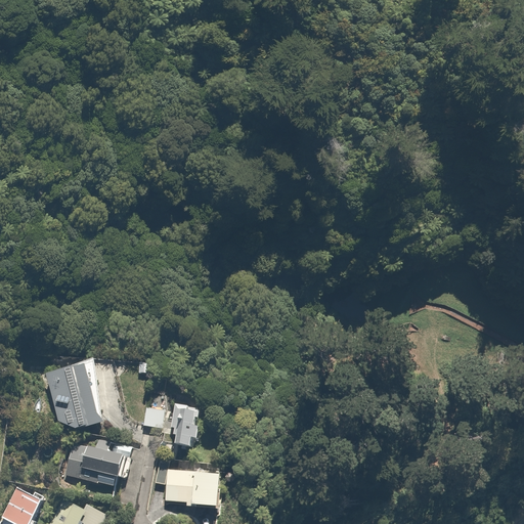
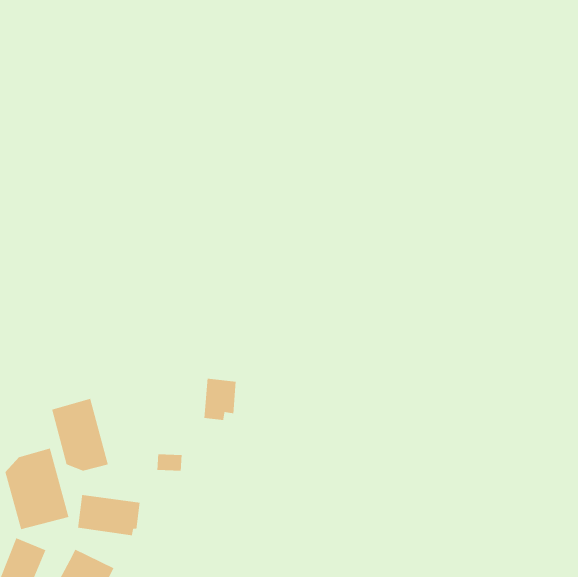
building: [170,404,200,443] -> [204,378,236,421]
building: none -> [5,448,70,530]
building: [154,464,221,506] -> none

